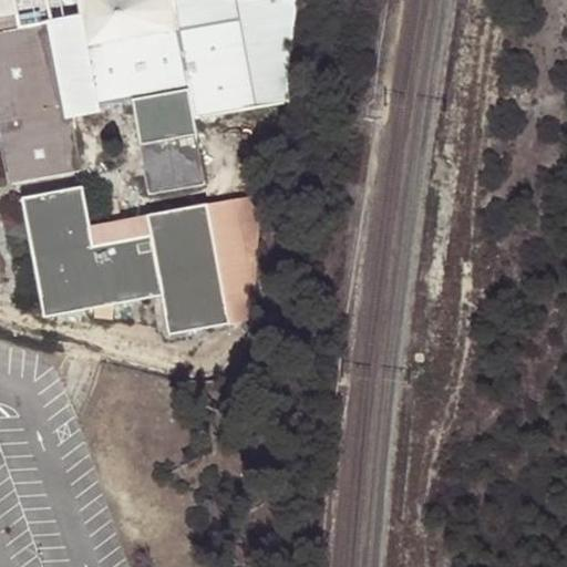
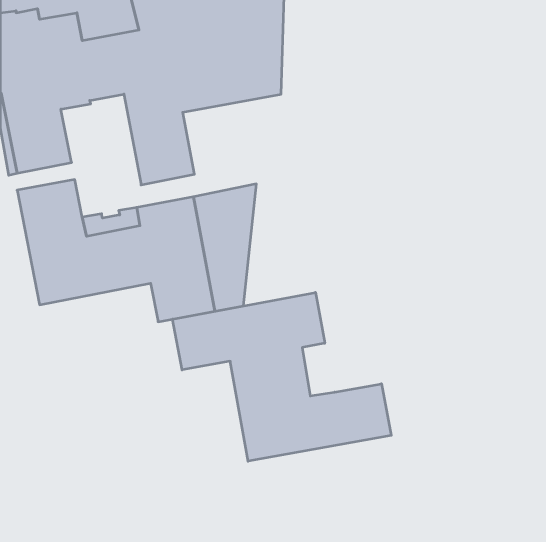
building: none -> [173,292,391,461]

